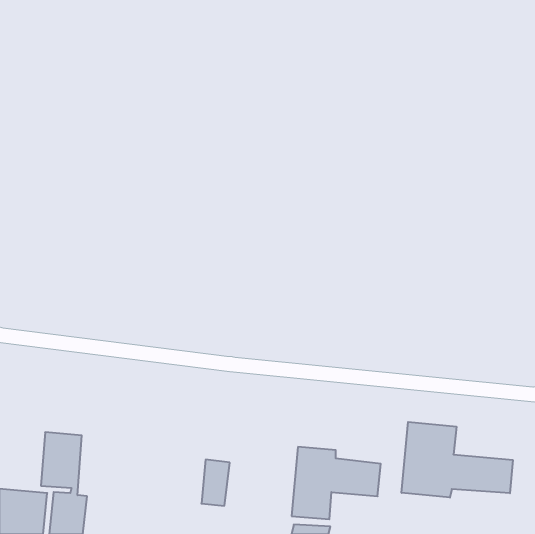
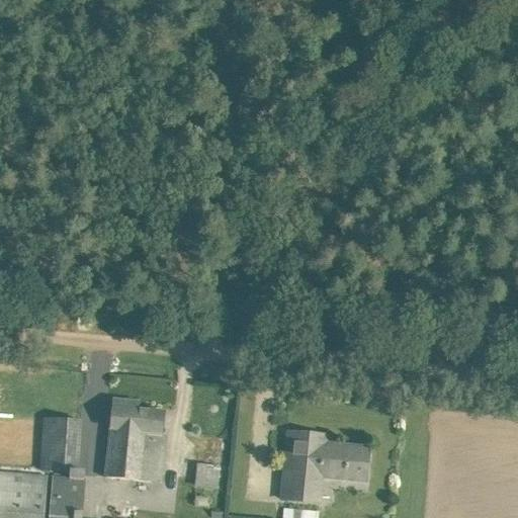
building: none -> [104,399,166,482]
building: [402,422,513,498] -> none

